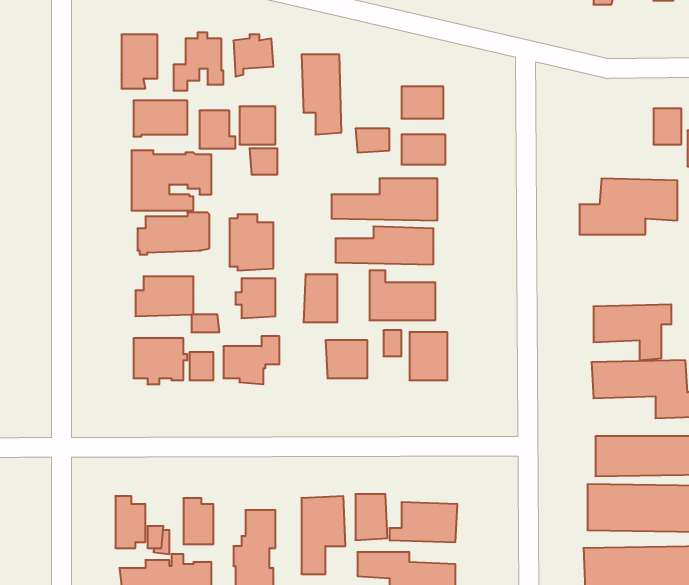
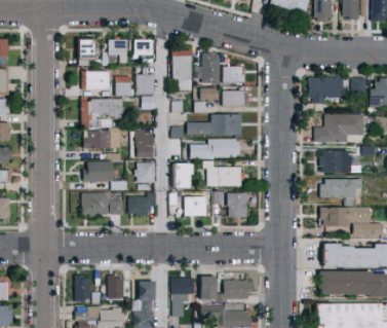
building: none -> [200,52,219,82]
building: none -> [307,76,344,102]
building: none -> [319,149,350,172]

